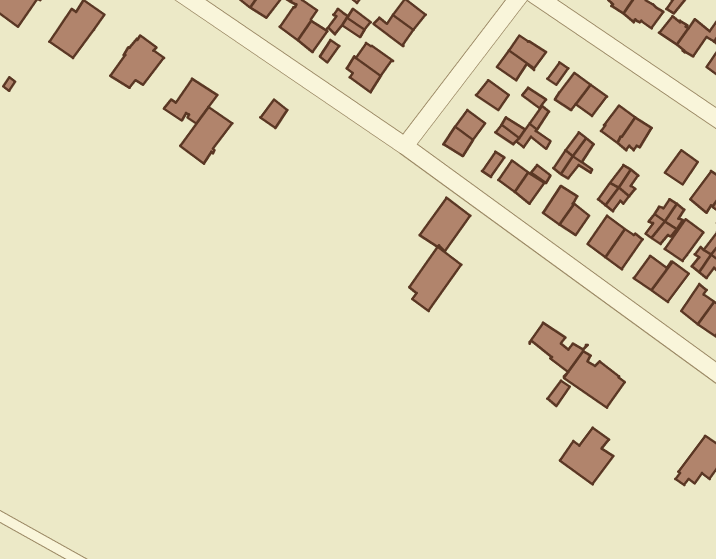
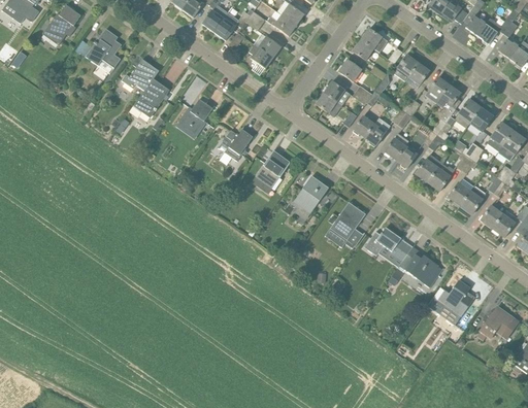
building: none -> [177,98,212,133]
building: none -> [218,129,253,161]
building: [420,198,470,251] -> [255,150,290,188]
building: [665,219,703,261] -> [454,99,481,128]
building: none -> [330,202,365,245]
building: [560,428,613,484] -> [436,279,473,318]

